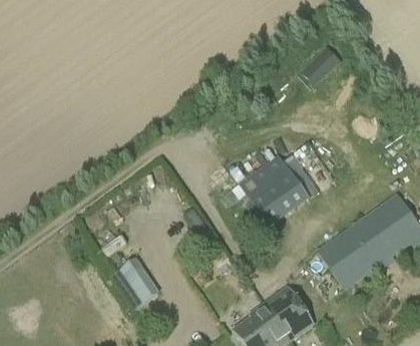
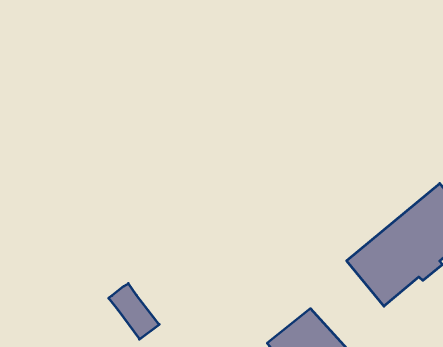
building: [302,47,340,85] -> none
building: [239,153,310,227] -> none

